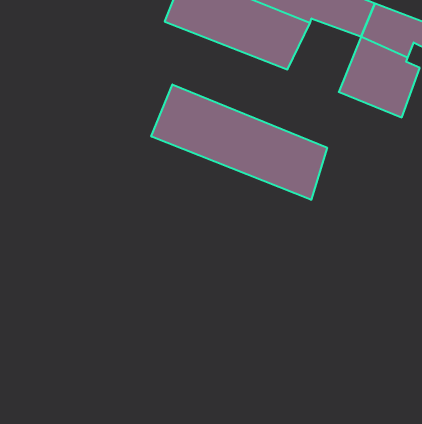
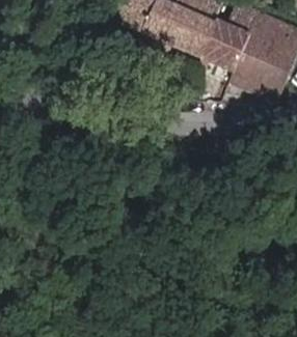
building: none -> [199,23,250,74]
building: [151,84,327,200] -> none

